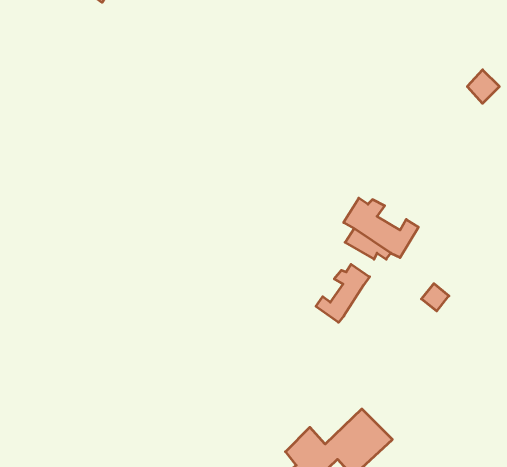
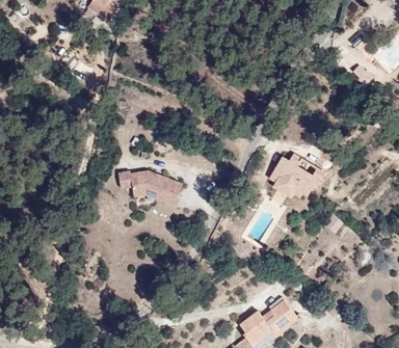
building: none -> [115,171,180,207]
building: [316,264,370,322] -> none

